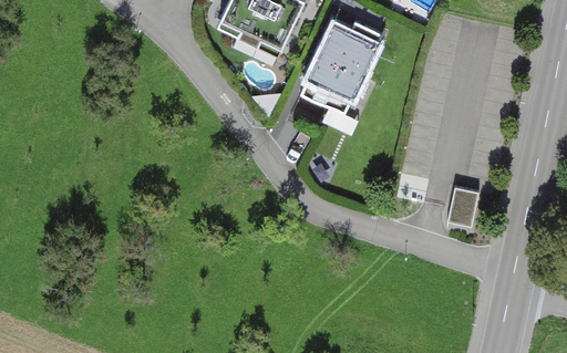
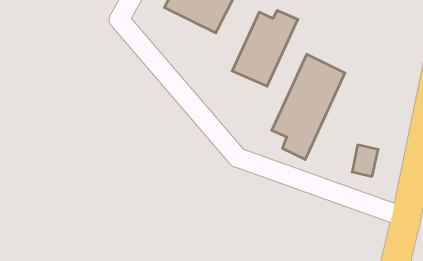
building: none -> [272,54,345,160]

